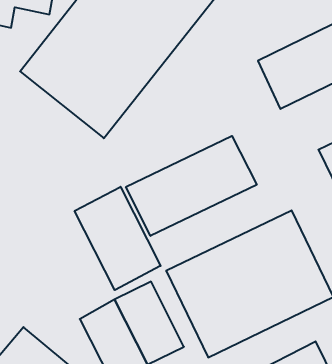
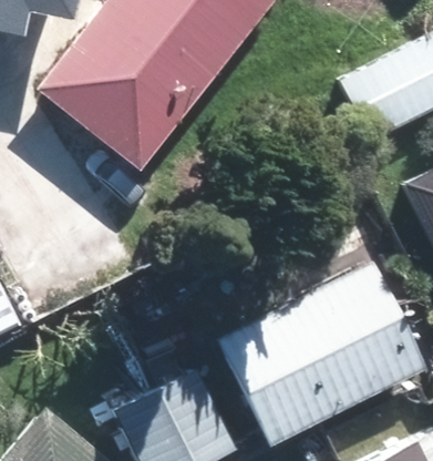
building: [126,136,257,236] -> none
building: [75,187,161,290] -> none

